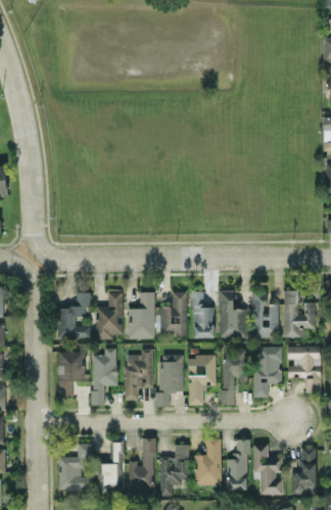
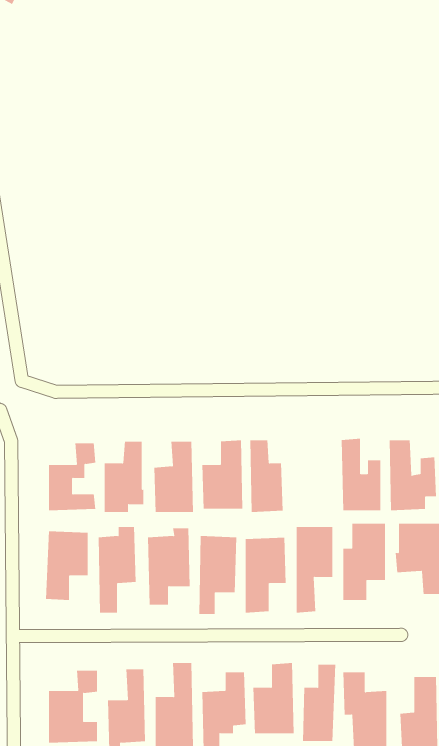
building: [220,291,247,338] -> none

